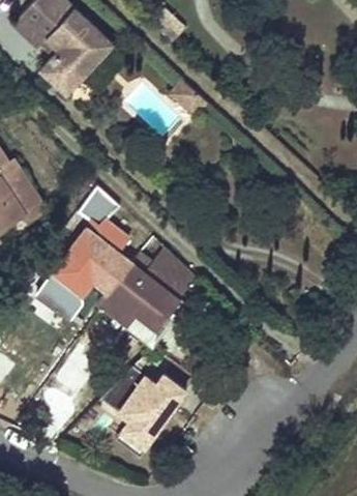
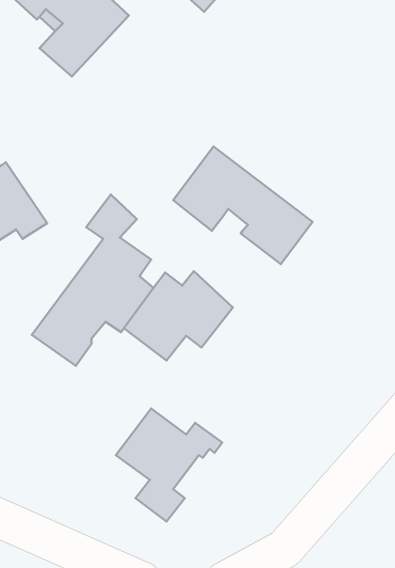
building: none -> [173,147,313,264]
building: [100,294,171,342] -> none

